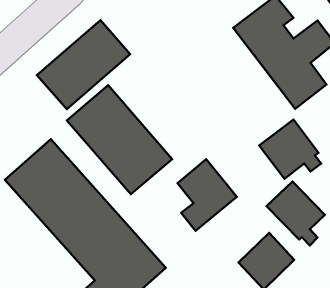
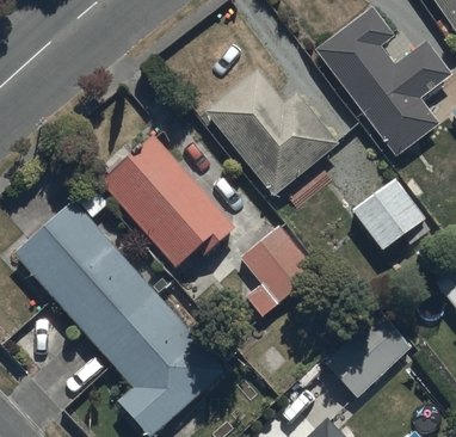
building: [37,20,130,109] -> none
building: none -> [207,69,338,196]
building: [267,182,325,245] -> none

